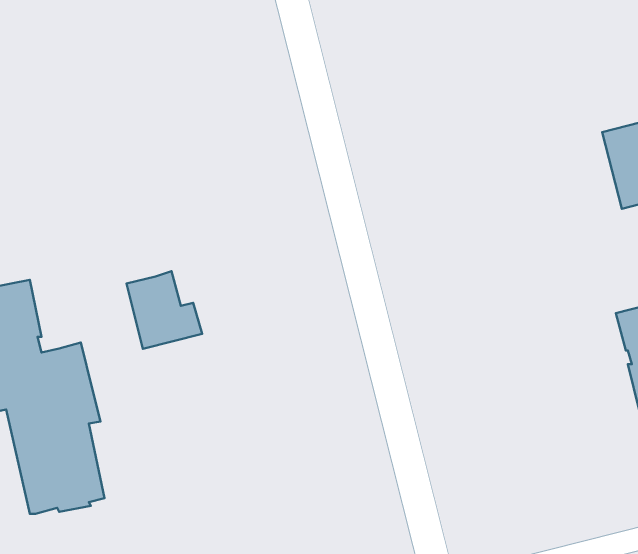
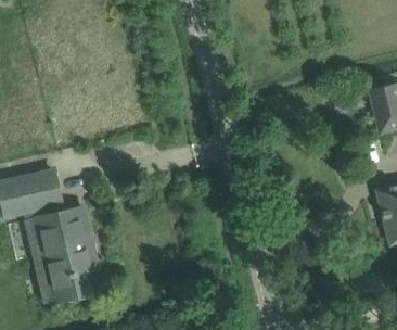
building: [126,271,202,349] -> none

